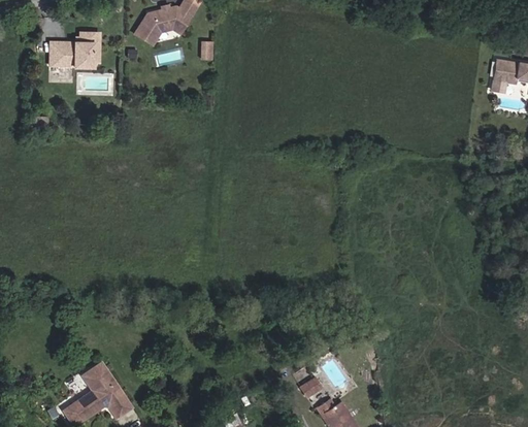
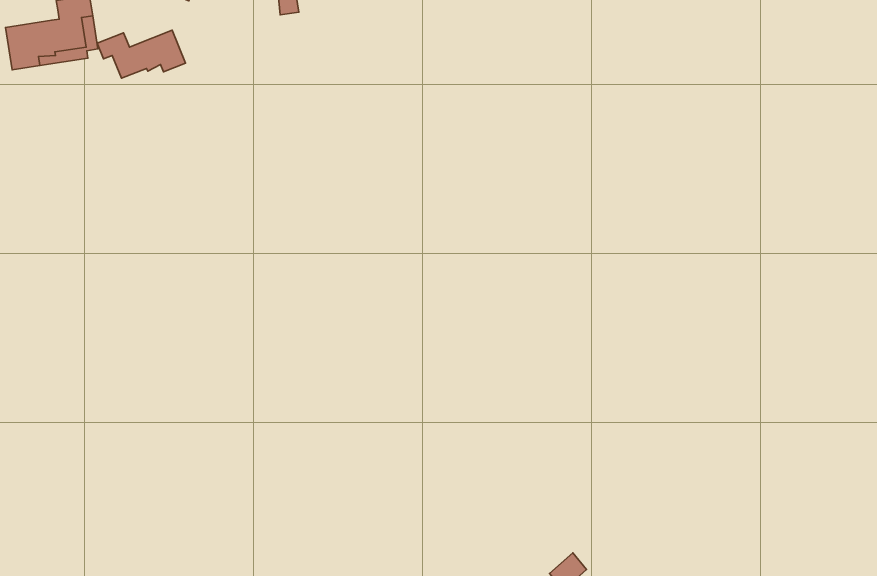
building: none -> [97,30,186,78]

